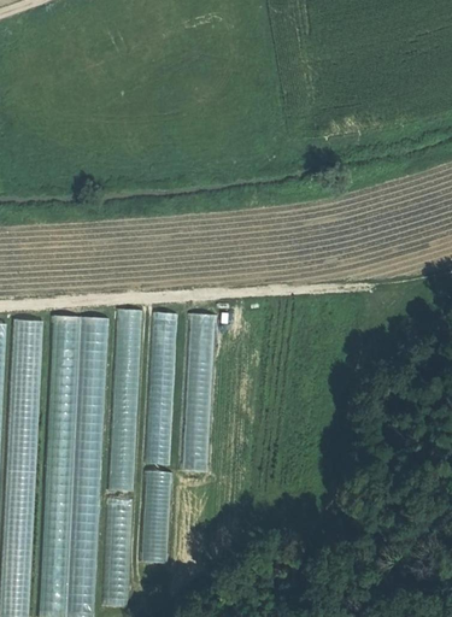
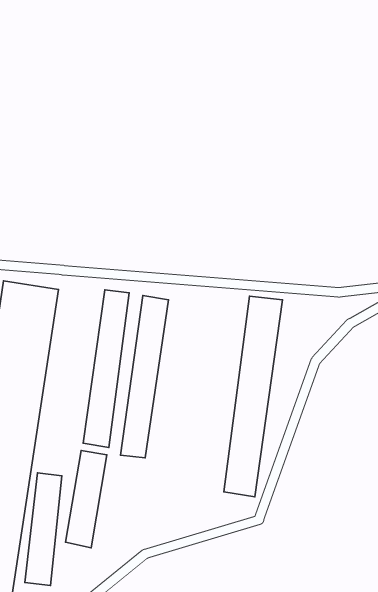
building: none -> [224,296,282,497]
building: [108,308,140,490] -> none

